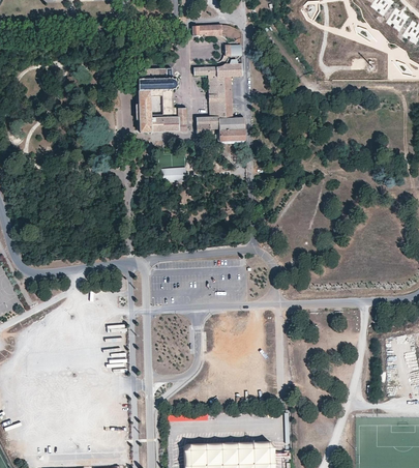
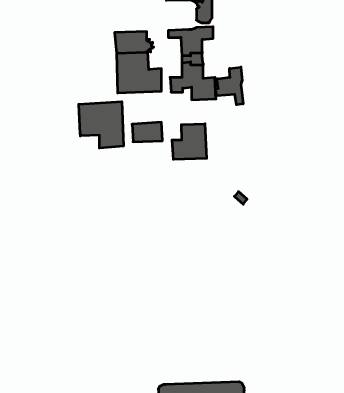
building: none -> [216,67,243,105]
building: none -> [79,102,123,148]
building: none -> [172,124,207,159]

